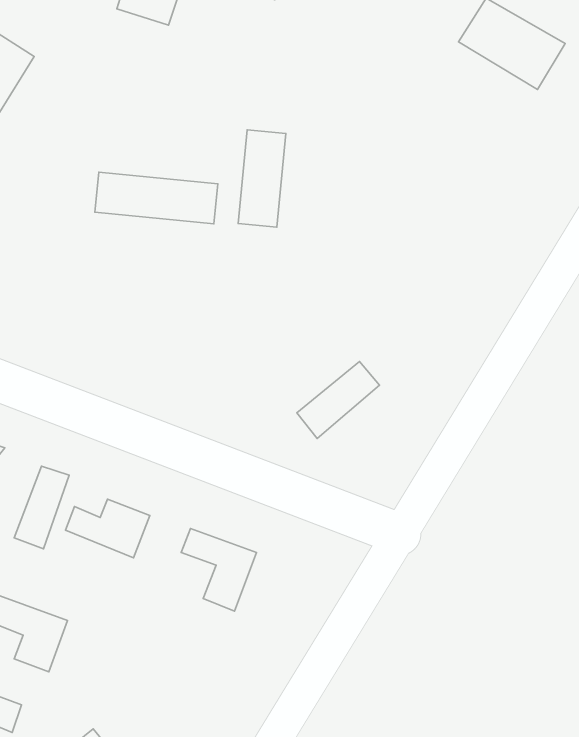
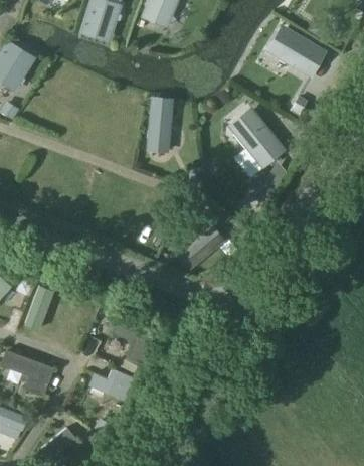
building: none -> [228,108,286,178]
building: [95,172,218,224] -> none
building: [65,499,150,558] -> [89,369,136,402]

